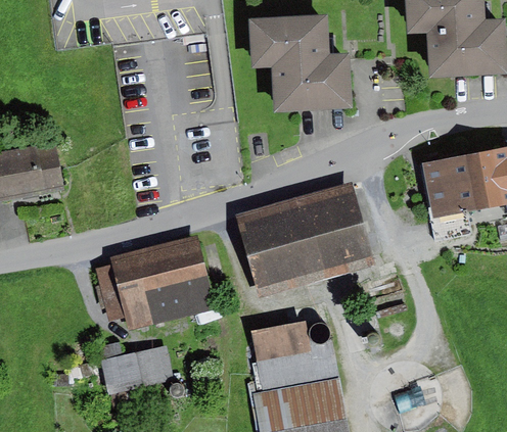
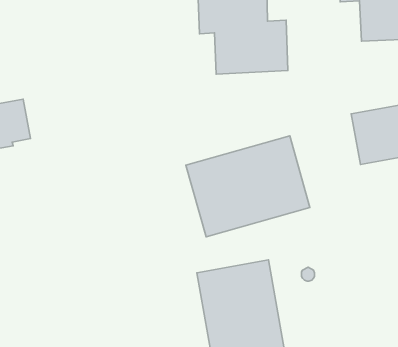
building: [105,243,214,322] -> none
building: [95,338,172,392] -> none

